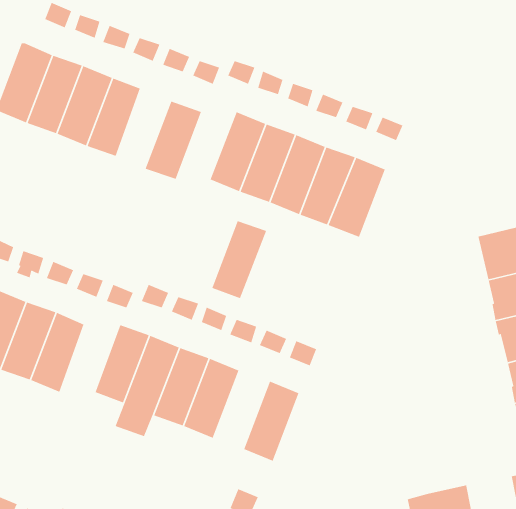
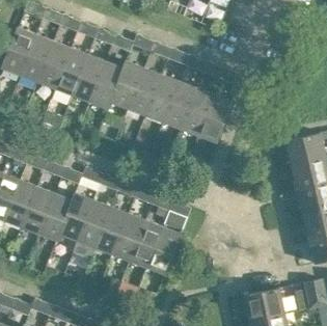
building: none -> [73,54,105,102]
building: [207,220,267,301] -> [108,61,143,109]
building: none -> [39,193,75,241]
building: none -> [130,220,163,267]

